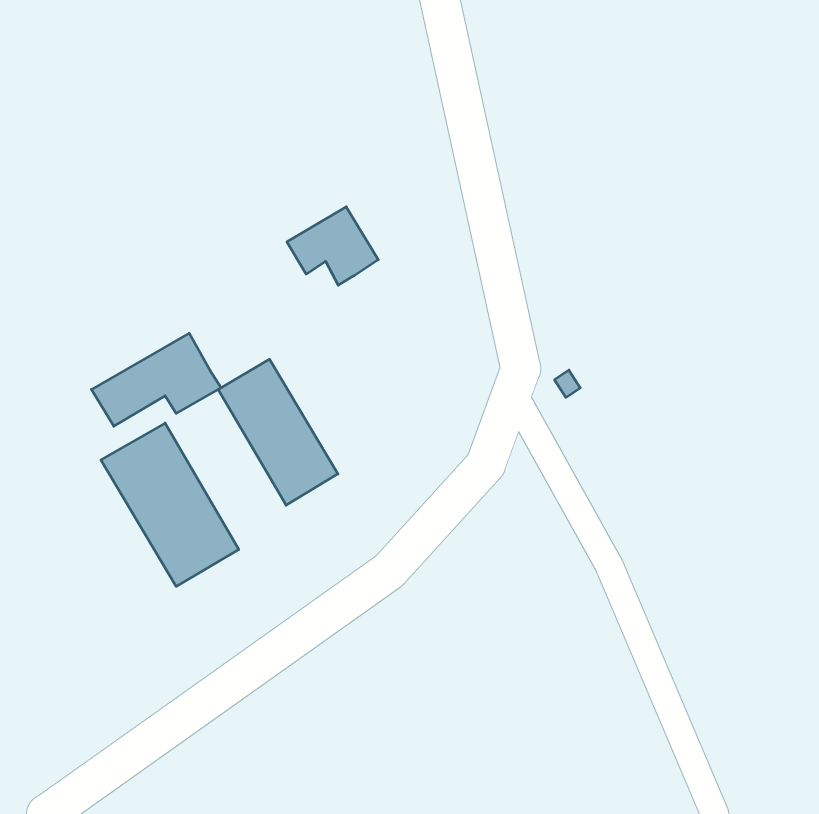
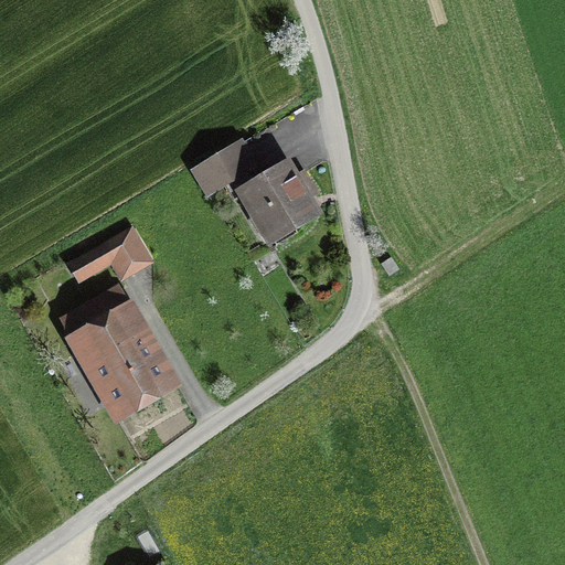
building: none -> [244,163,315,236]
building: [218,359,338,505] -> none

